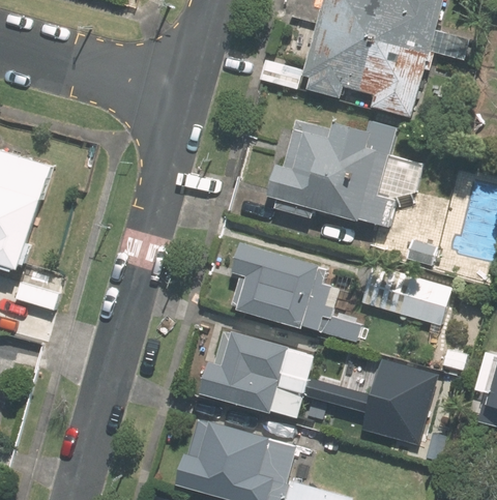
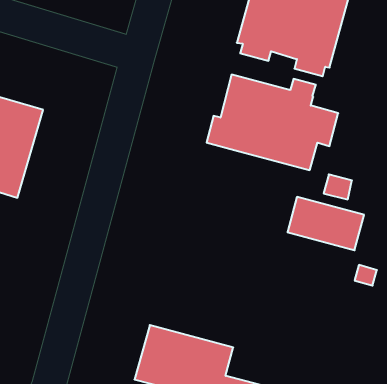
building: [231,243,363,339] -> none
building: [203,329,438,446] -> none

